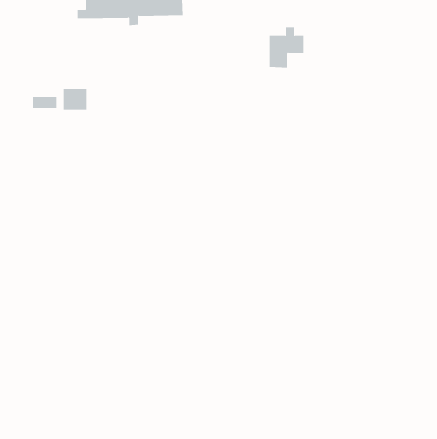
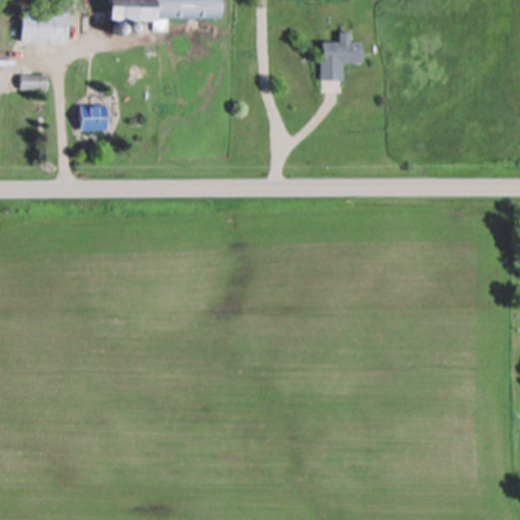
building: none -> [20,11,67,42]
building: [32,96,57,109] -> [20,74,50,88]

